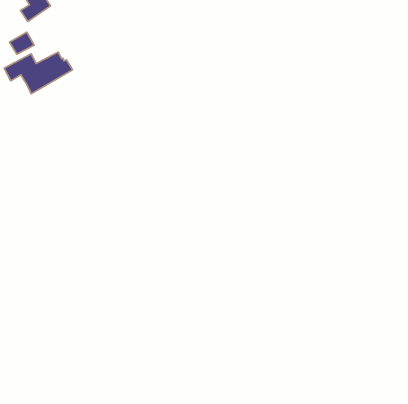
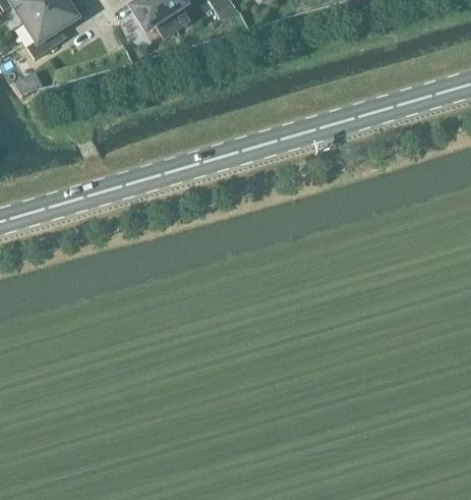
building: [4,52,72,94] -> none

